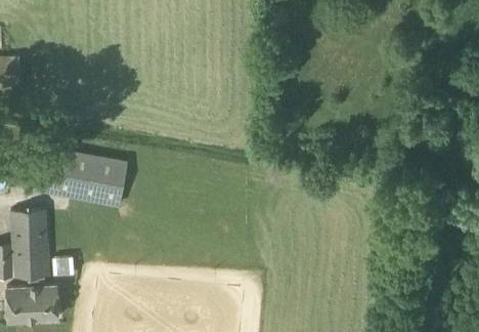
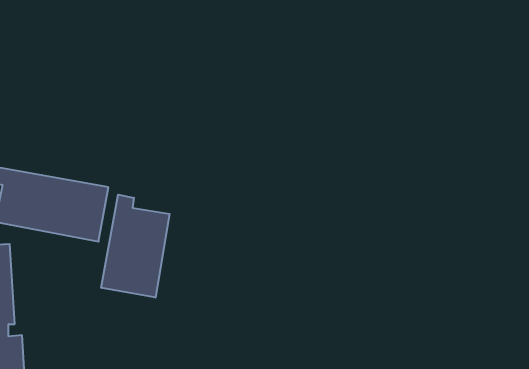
building: none -> [101,195,170,298]

